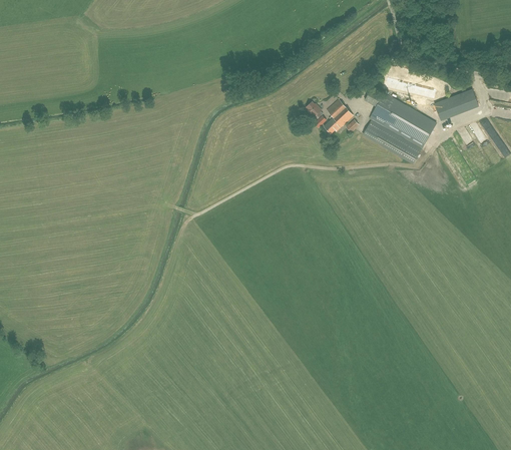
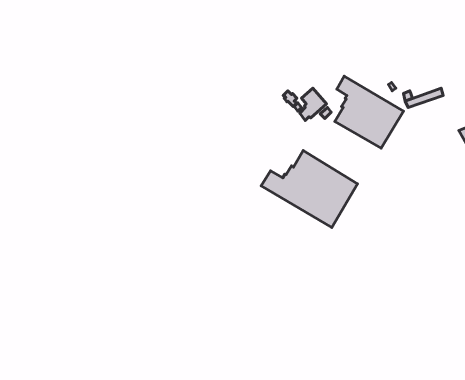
building: none -> [261,151,358,228]

